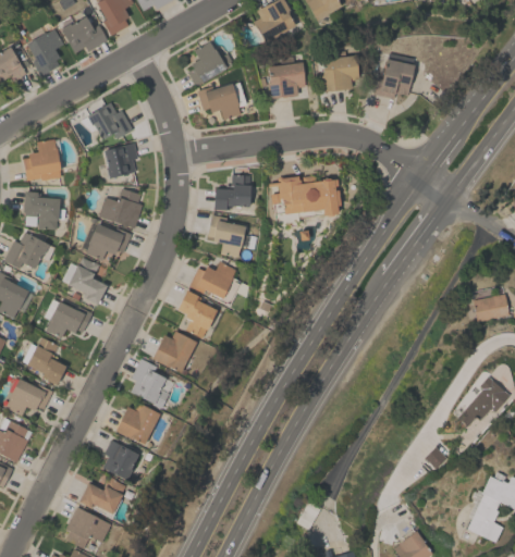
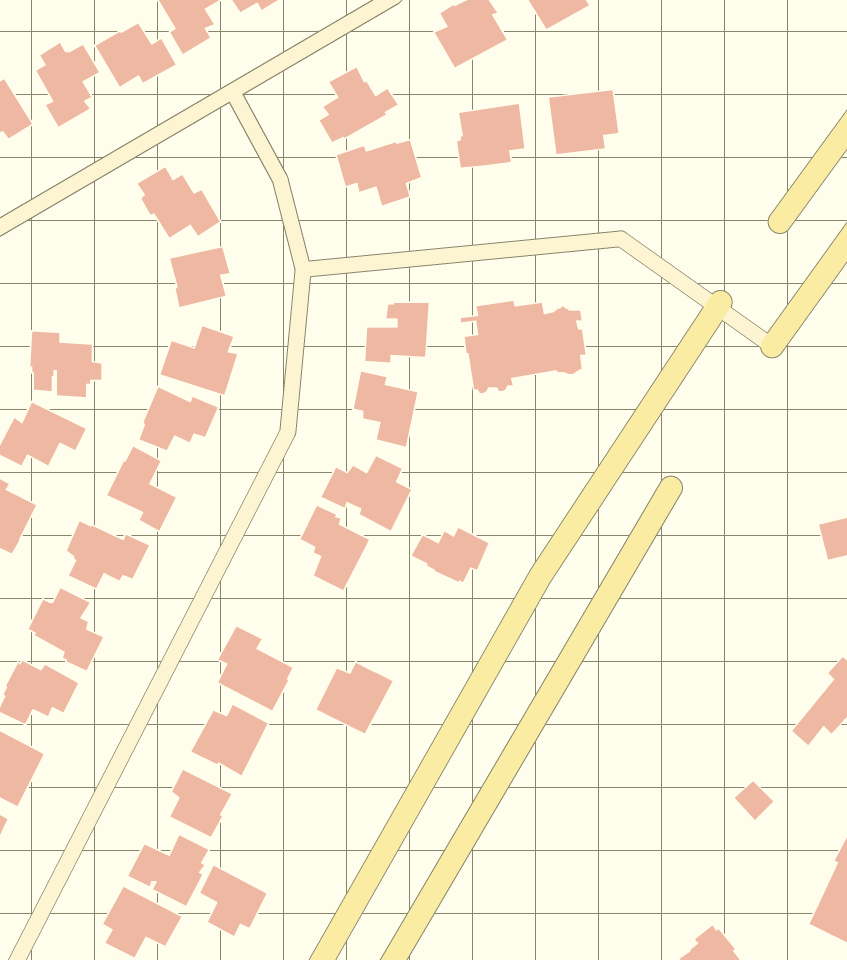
building: [372,60,415,99] -> none
building: [24,139,62,181] -> none
building: none -> [411,527,489,583]
building: [152,332,197,373] -> [315,662,394,735]
building: none -> [199,864,267,937]

